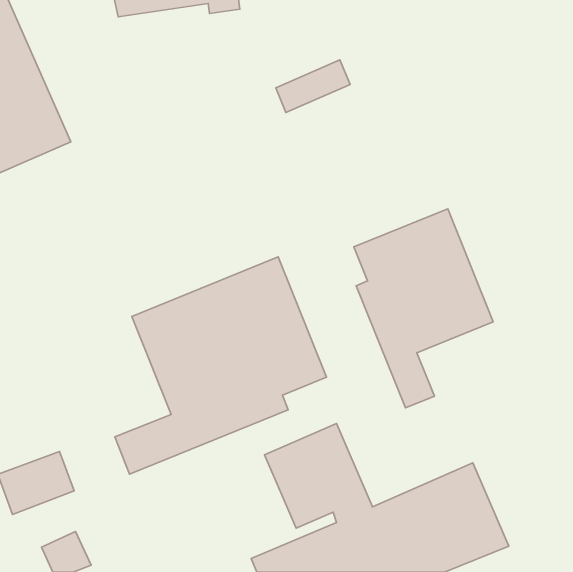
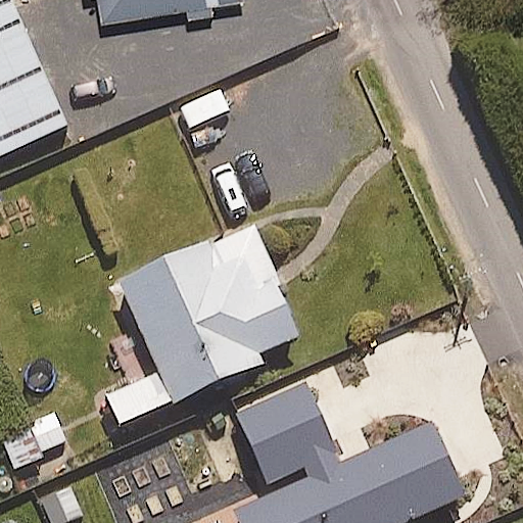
building: [354,209,493,408] -> none

